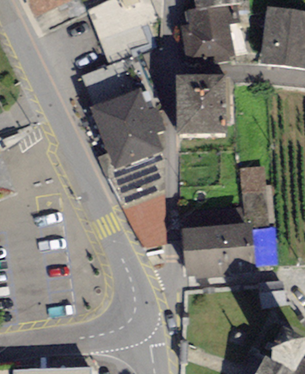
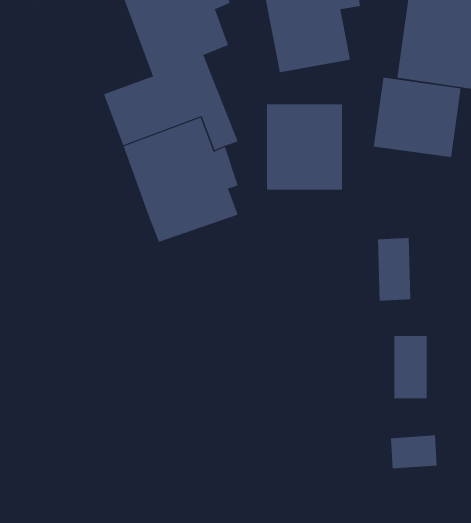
building: none -> [373,77,461,158]
building: [97,147,165,242] -> none
building: [183,221,250,270] -> none

